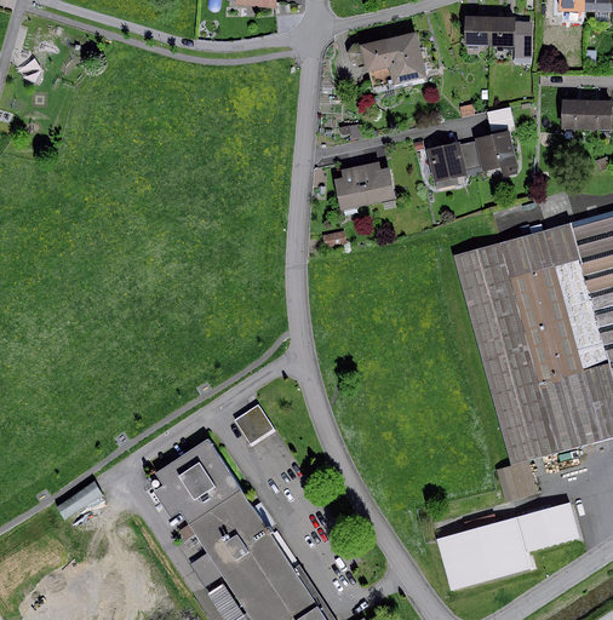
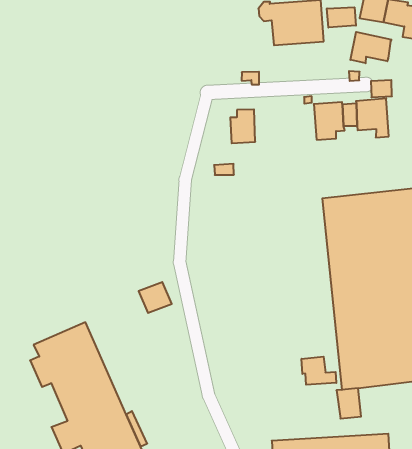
building: none -> [327,7,356,28]
building: none -> [350,32,391,63]
building: [361,161,396,202] -> none
building: [236,408,276,446] -> [139,282,172,313]
building: none -> [302,357,336,385]

